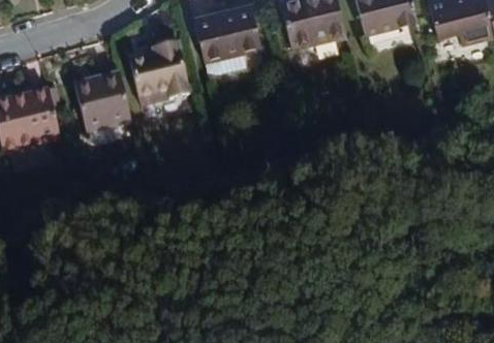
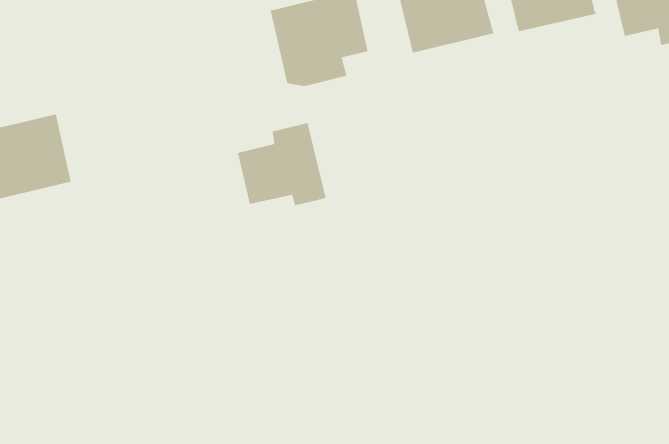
building: [129,40,190,97] -> [237,123,326,206]
building: [73,76,130,130] -> none

